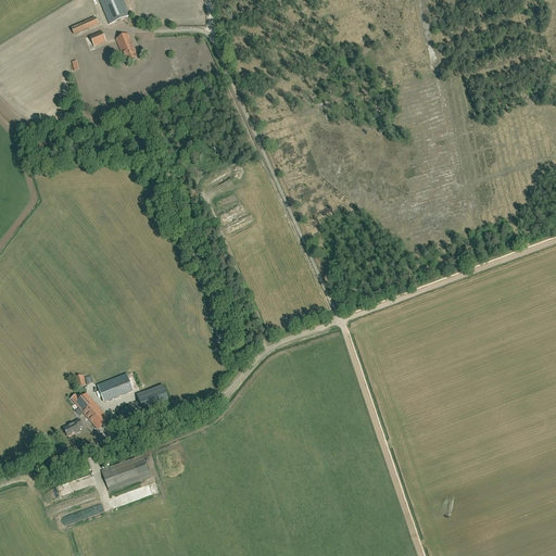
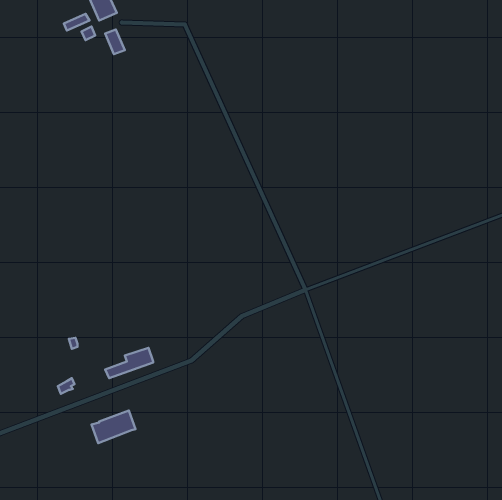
building: [98,372,134,401] -> none
building: [71,392,110,428] -> none

